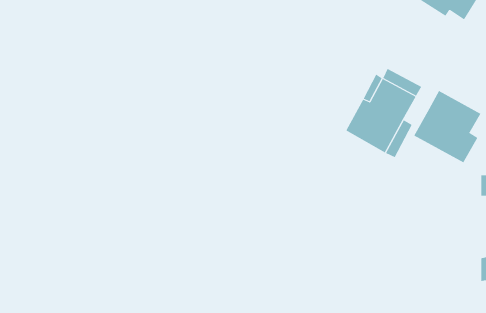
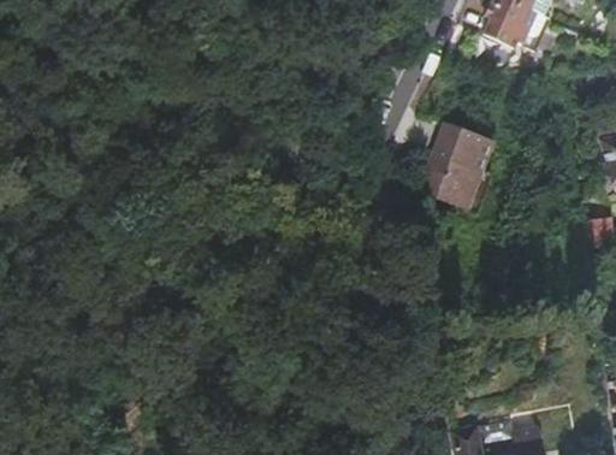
building: [414,90,481,163] -> none

